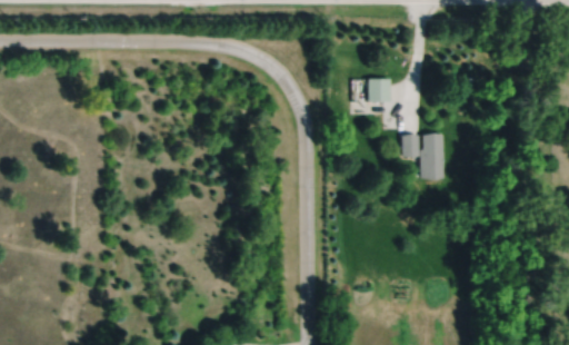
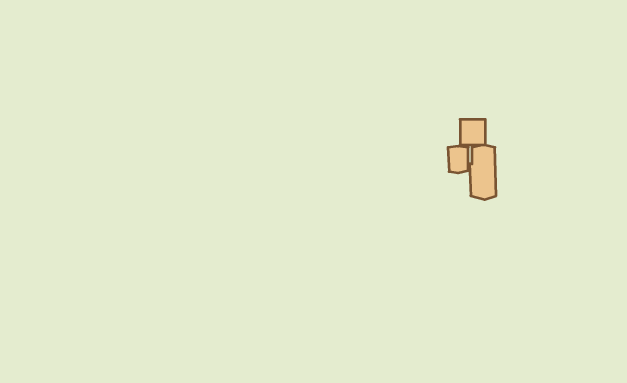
building: [368,78,390,100] -> [460,119,485,145]

